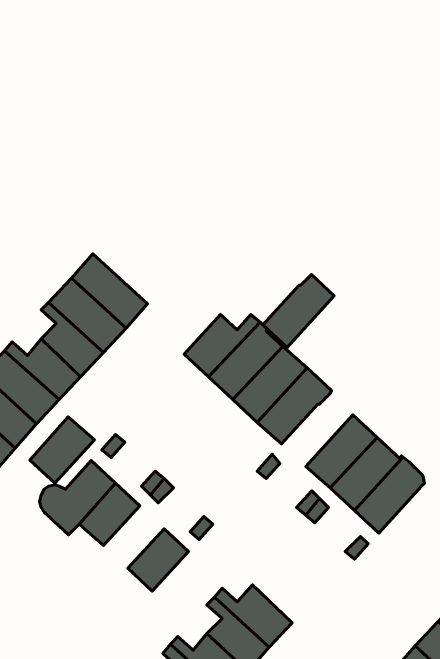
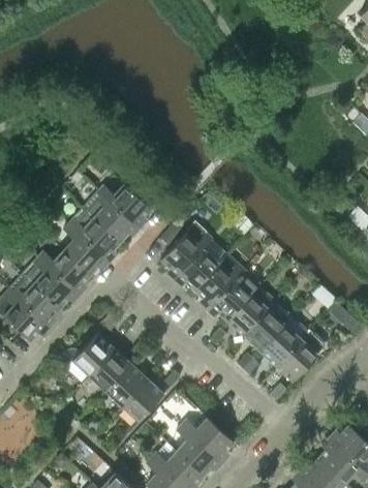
building: none -> [99,183,152,225]
building: [263,275,334,348] -> [227,286,276,336]
building: [30,417,95,483] -> none
building: none -> [106,363,148,405]

